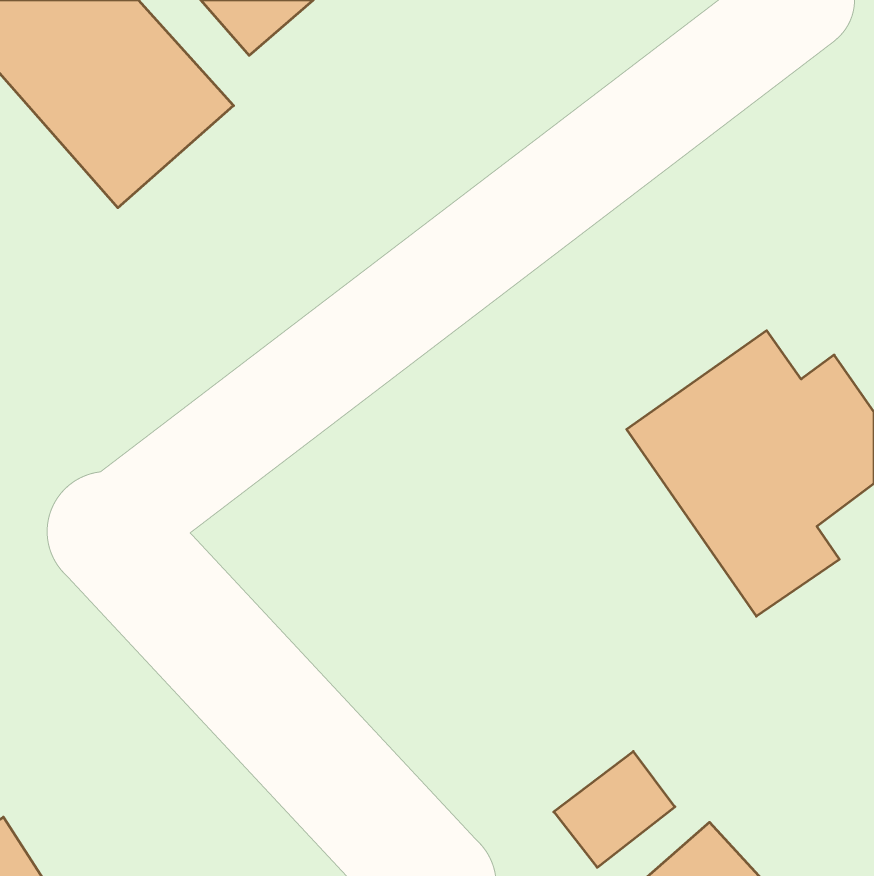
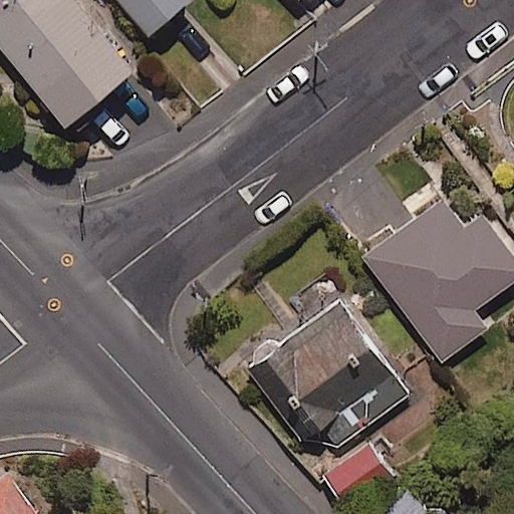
building: none -> [247,302,408,456]

